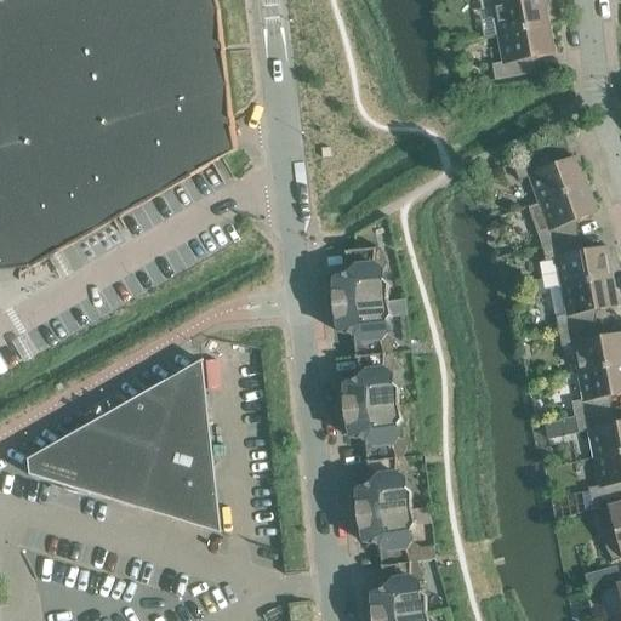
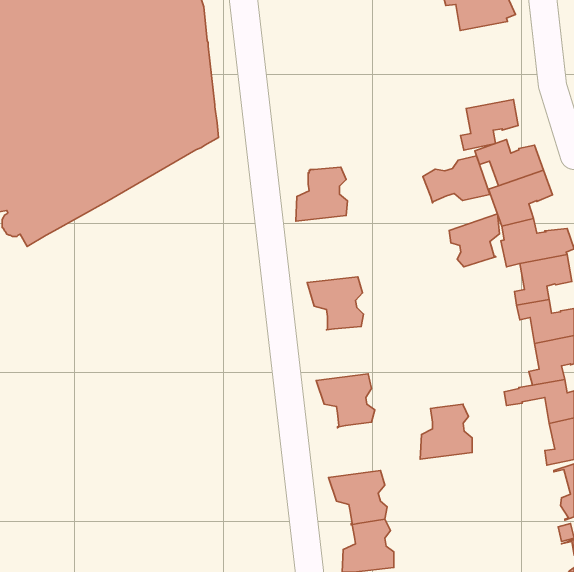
building: [490,23,552,78] -> [461,100,518,150]
building: none -> [423,156,490,203]
building: none -> [449,214,499,267]
building: [331,246,387,304] -> [296,167,347,221]
building: [341,352,398,410] -> none
building: [25,358,220,531] -> none
building: [354,455,410,514] -> [420,404,472,459]

